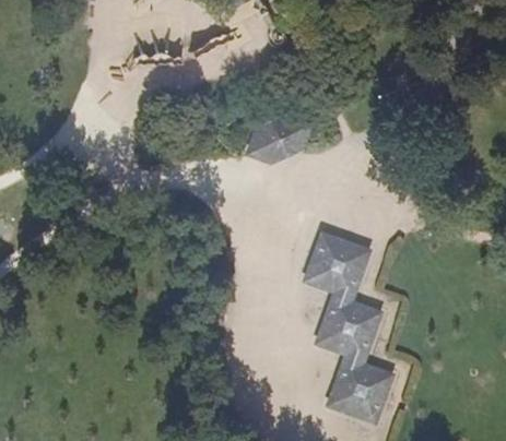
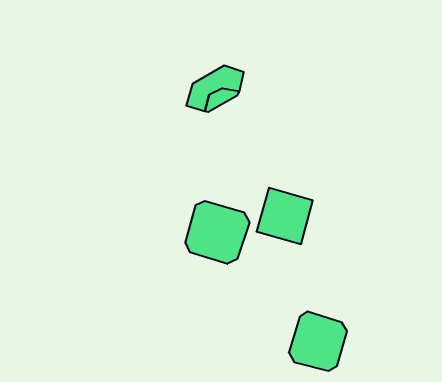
building: none -> [185,201,249,264]
building: [320,300,377,357] -> none

